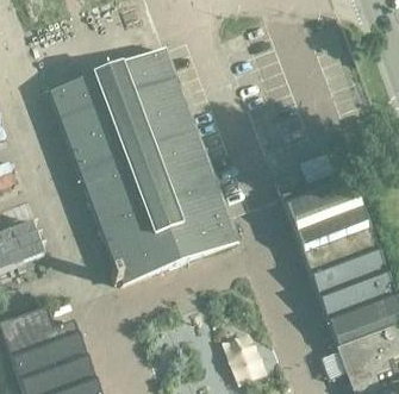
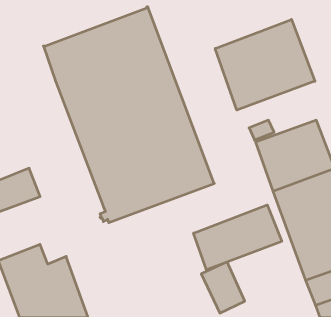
building: none -> [215,19,315,110]
building: none -> [194,205,282,270]

